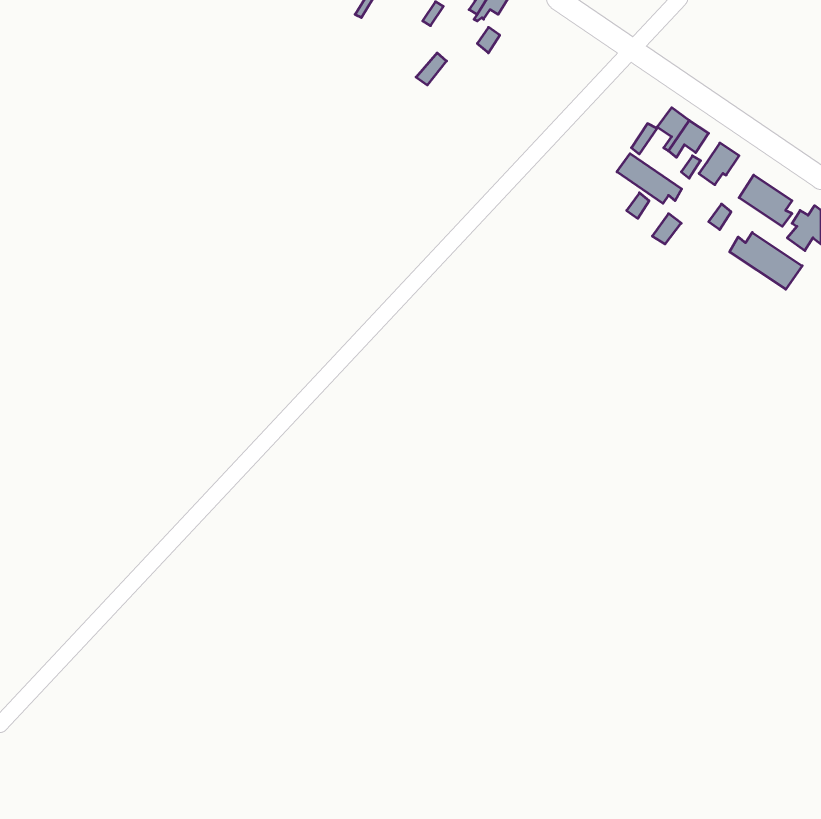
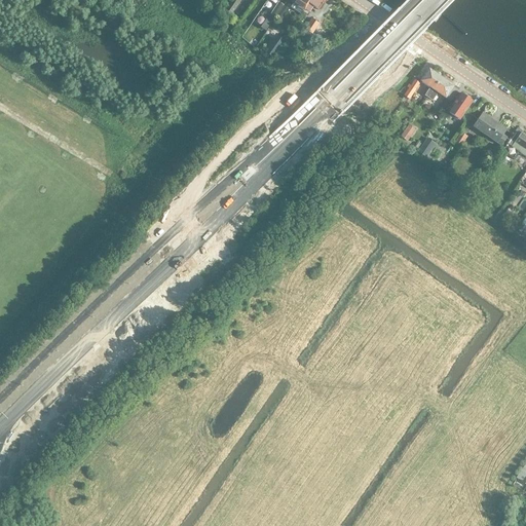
building: [617,154,682,203] -> none
building: [730,232,802,289] -> none

